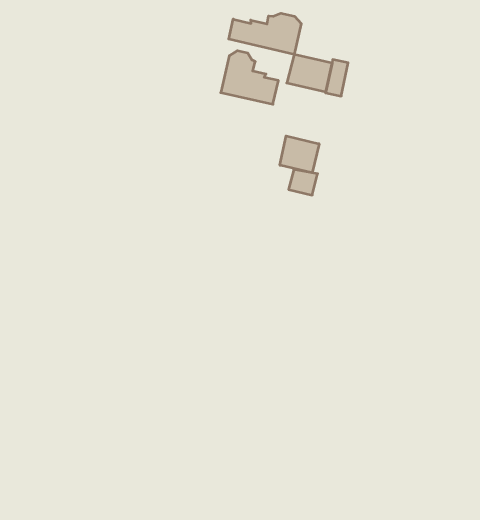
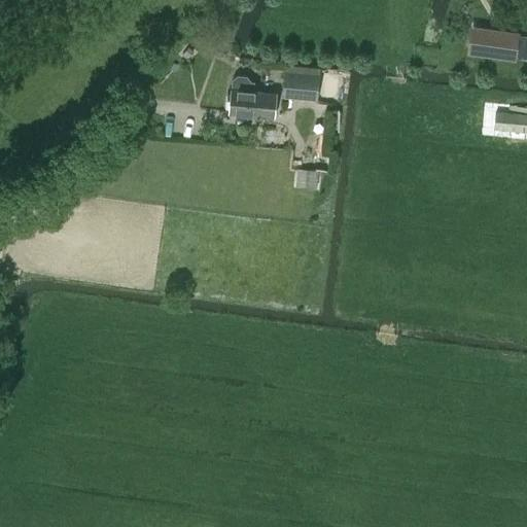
building: [229,13,301,55] -> none
building: [280,136,319,173] -> none

